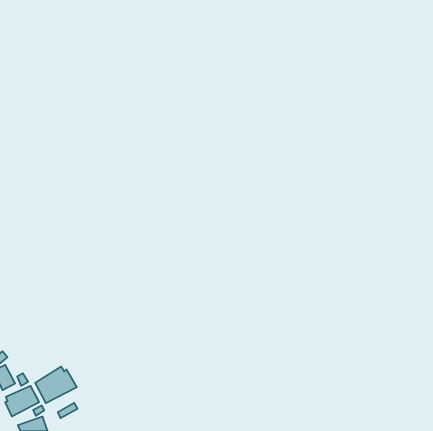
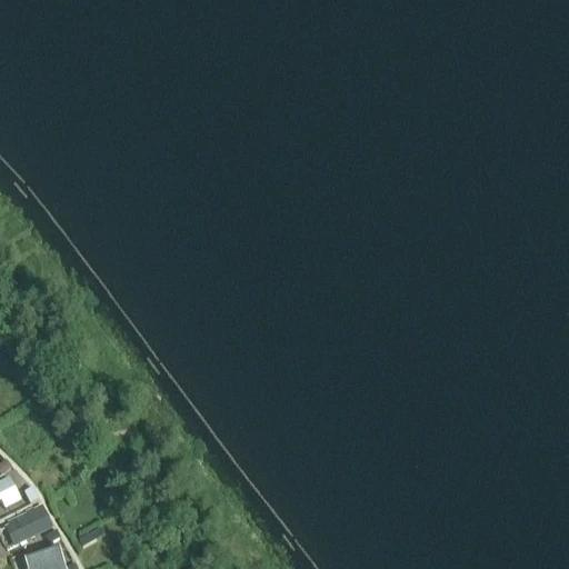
building: [35,367,77,403] -> none

